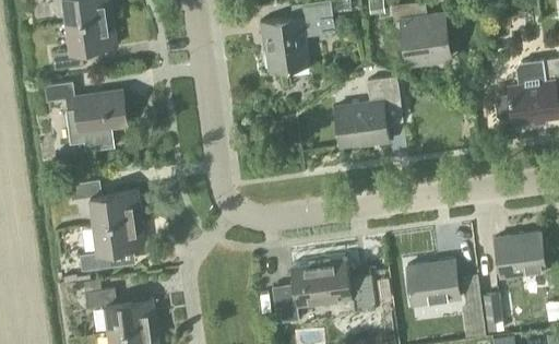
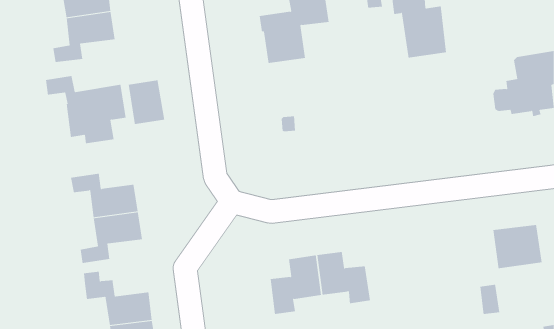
building: [335,75,403,146] -> none
building: none -> [128,79,165,125]
building: [407,259,461,304] -> none

